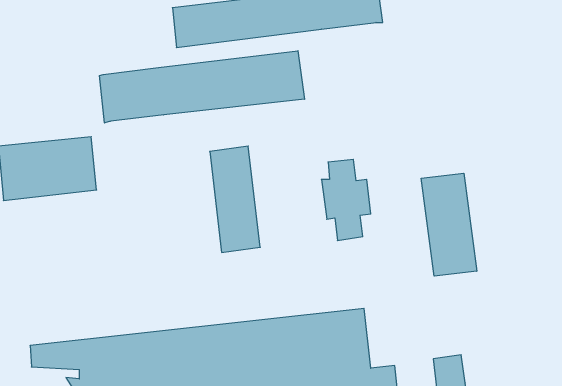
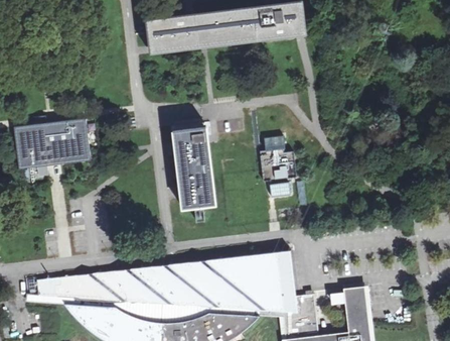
building: [99,51,305,123] -> none
building: [421,173,477,276] -> none

